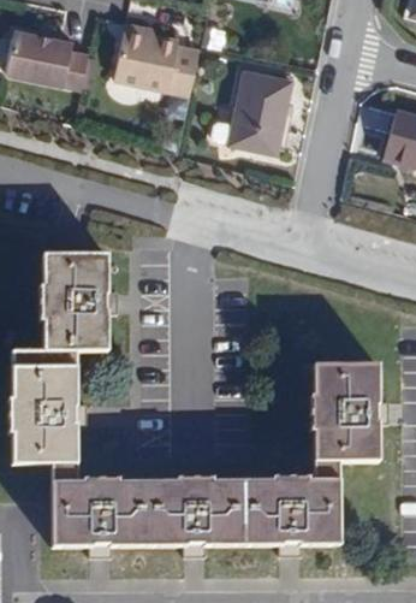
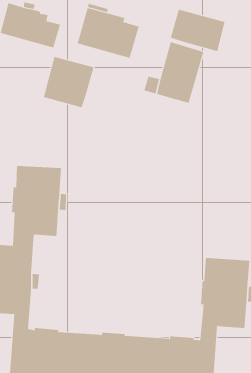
building: none -> [170,9,225,52]
building: none -> [43,56,94,108]

